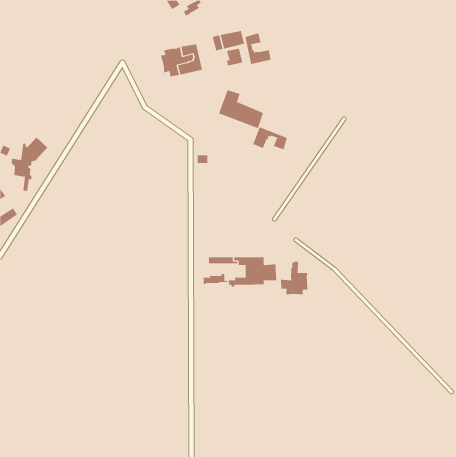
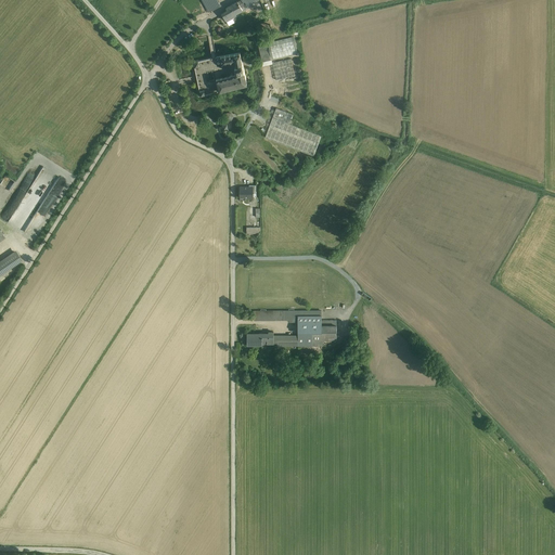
building: [245,32,271,65] -> none
building: [253,127,288,150] -> none
building: [280,261,308,295] -> none

